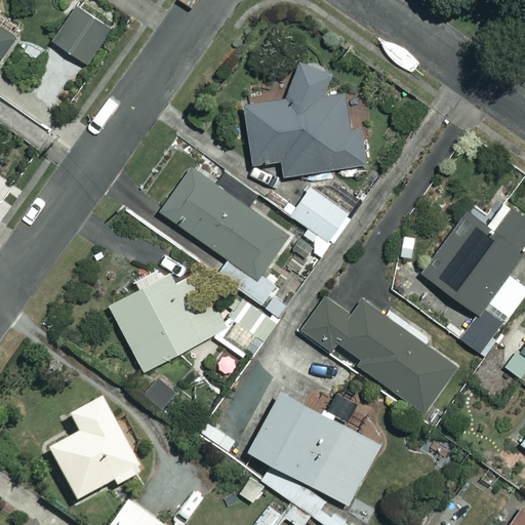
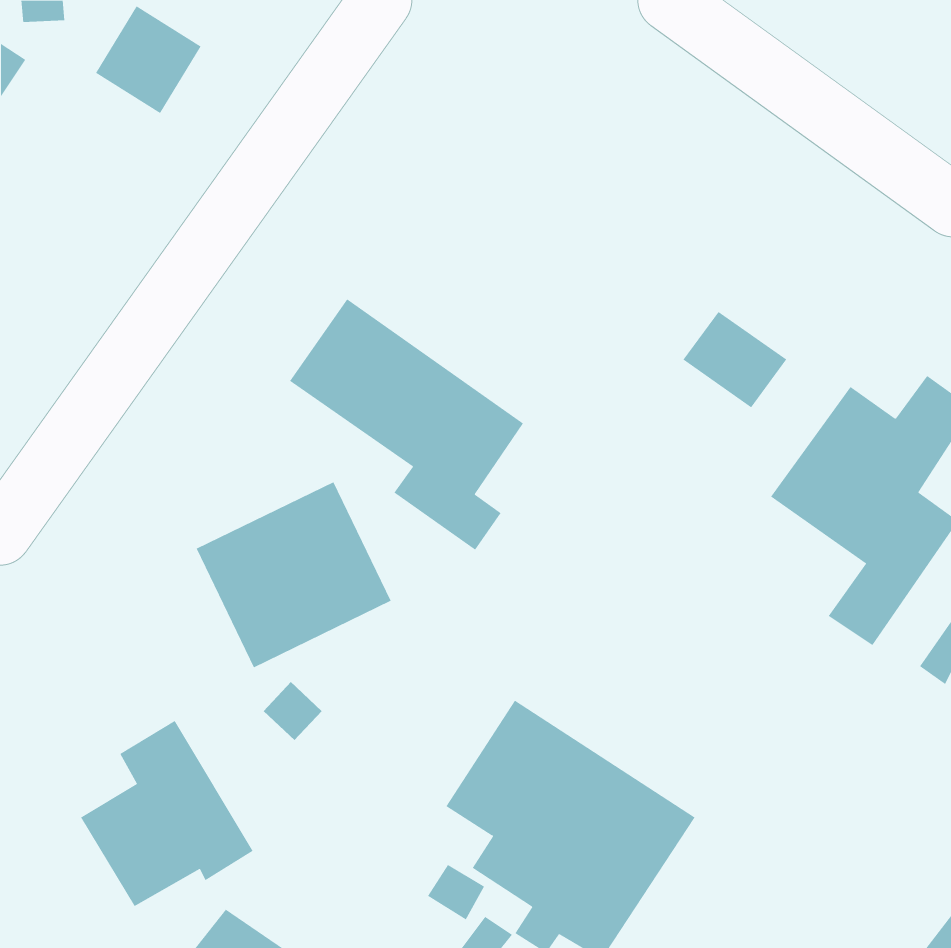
building: [243,65,364,177] -> none
building: [290,189,348,242] -> [683,311,787,408]
building: [302,281,455,414] -> none

